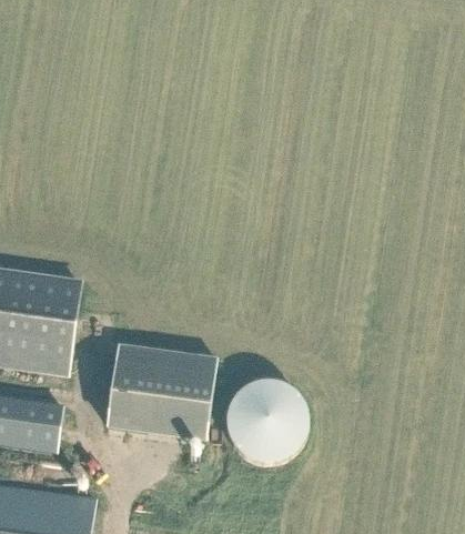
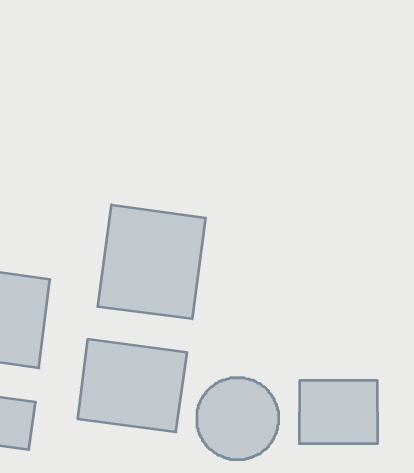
building: none -> [98,205,206,319]
building: none -> [299,380,377,444]

